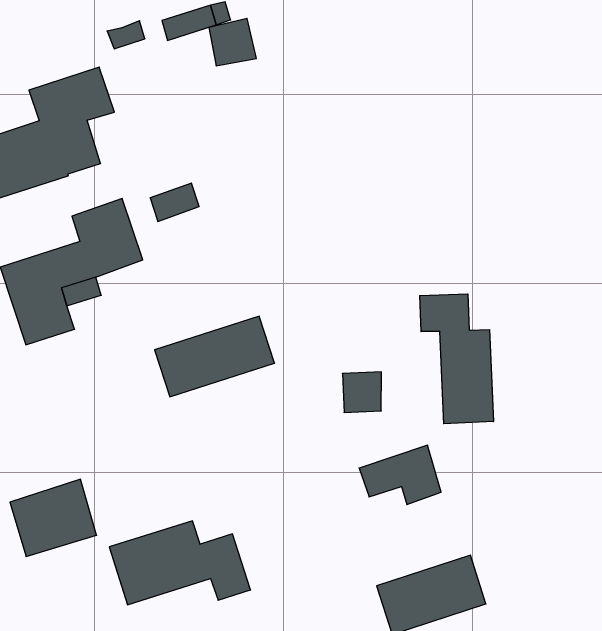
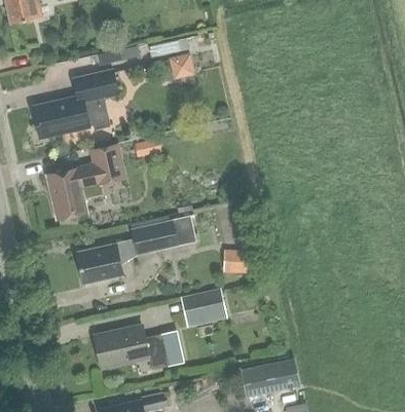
building: [420,294,493,424] -> none
building: [359,445,441,505] -> [181,290,225,322]
building: [10,479,97,557] -> [76,244,122,284]

